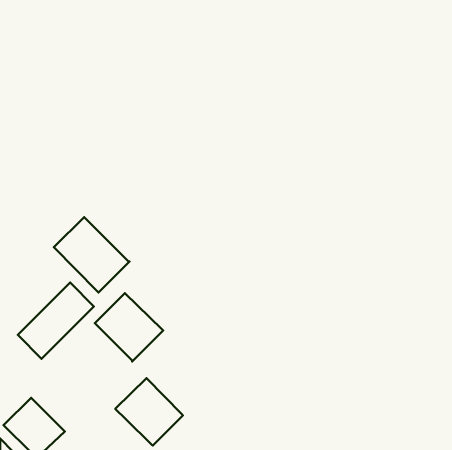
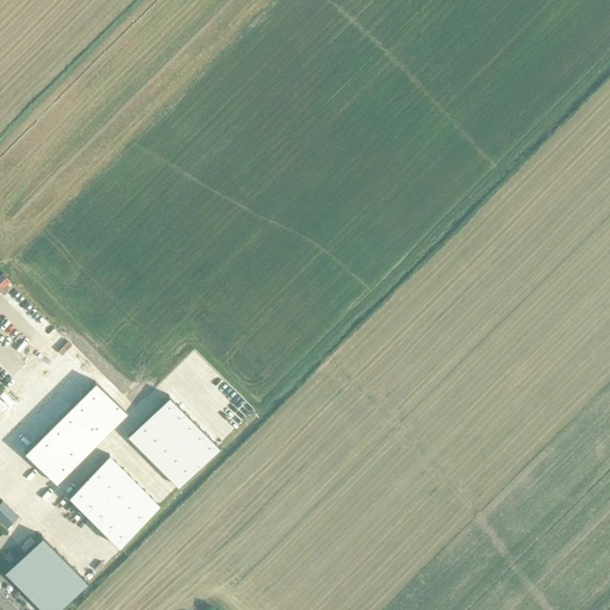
building: [54,217,130,293] -> none
building: [116,378,183,446] -> [69,458,160,548]

